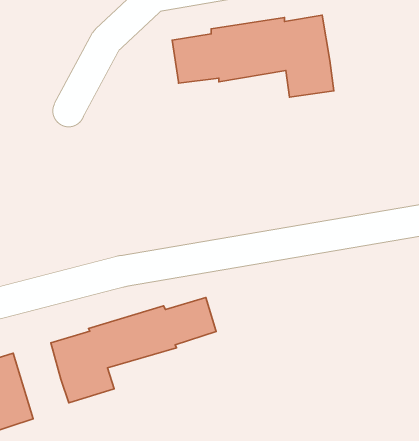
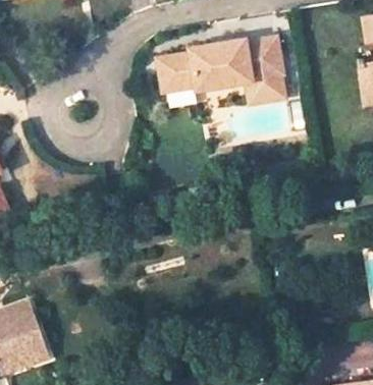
building: [51,297,216,403] -> none

